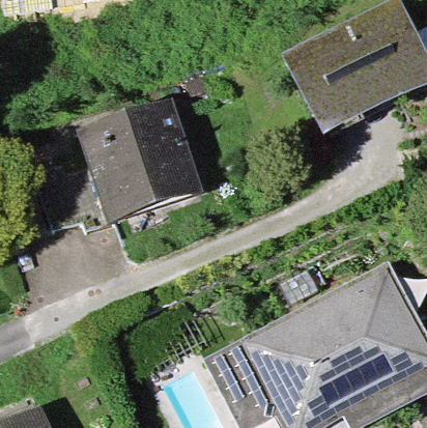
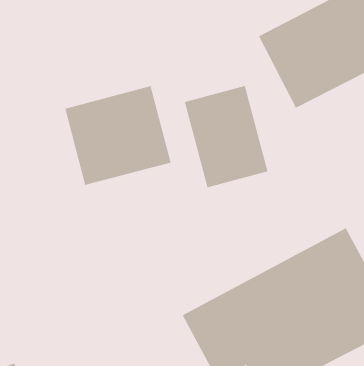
building: none -> [184,85,268,188]

